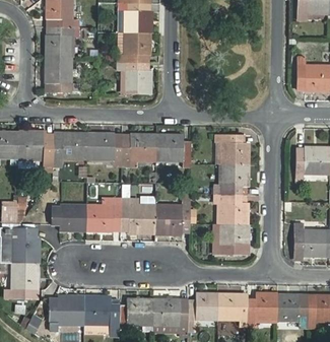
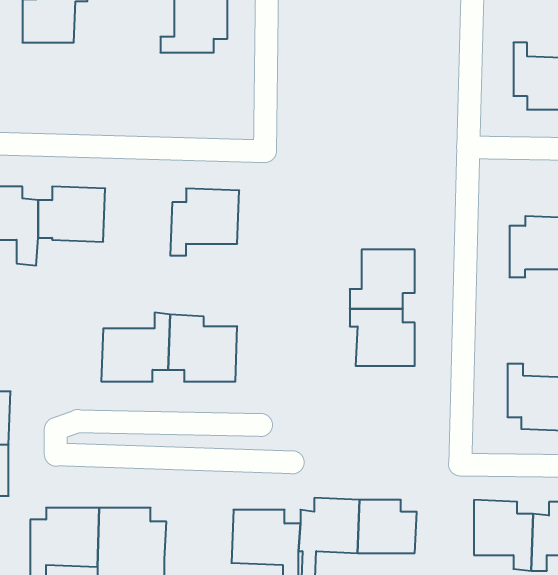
building: [45,57,72,90] -> none
building: [117,62,150,93] -> none
building: [87,132,123,166] -> none
building: [156,133,191,167] -> none
building: [216,134,248,163] -> none
building: [155,193,191,232] -> none
building: [52,203,87,231] -> none
building: [217,223,248,255] -> none
building: [248,292,278,322] -> none
building: [119,297,154,325] -> none

